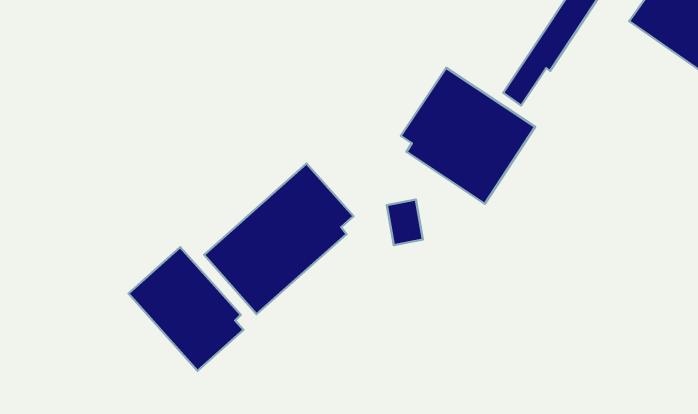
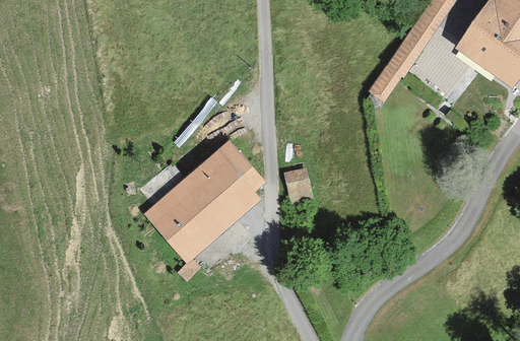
building: [401,68,535,204] -> none
building: [128,247,244,371] -> none

